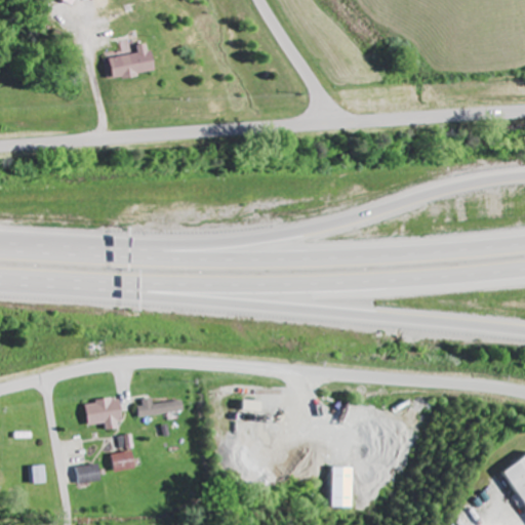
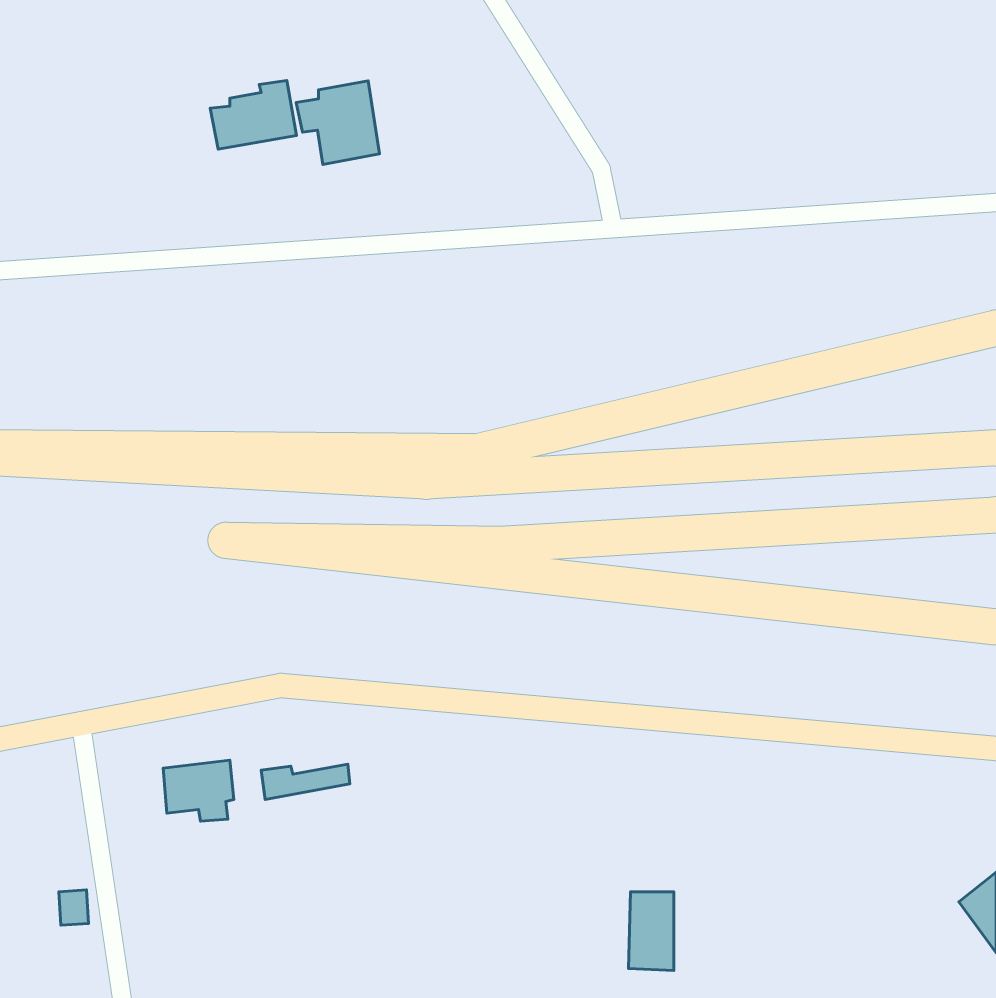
building: none -> [296,81,380,165]
building: [113,434,133,471] -> none
building: [77,463,100,482] -> none

